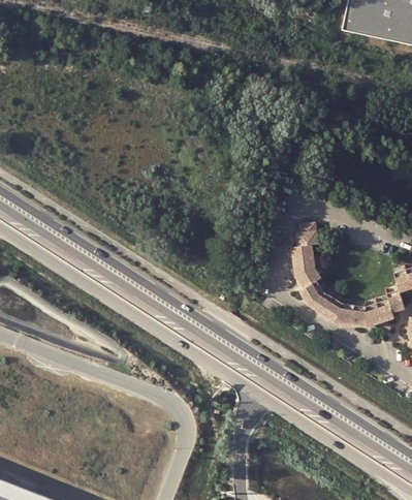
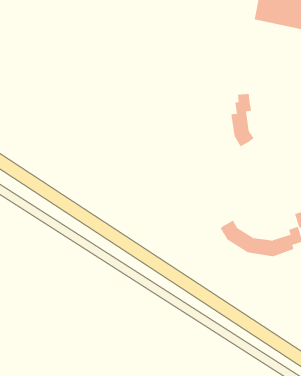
building: [291,221,321,288] -> [230,94,254,147]

